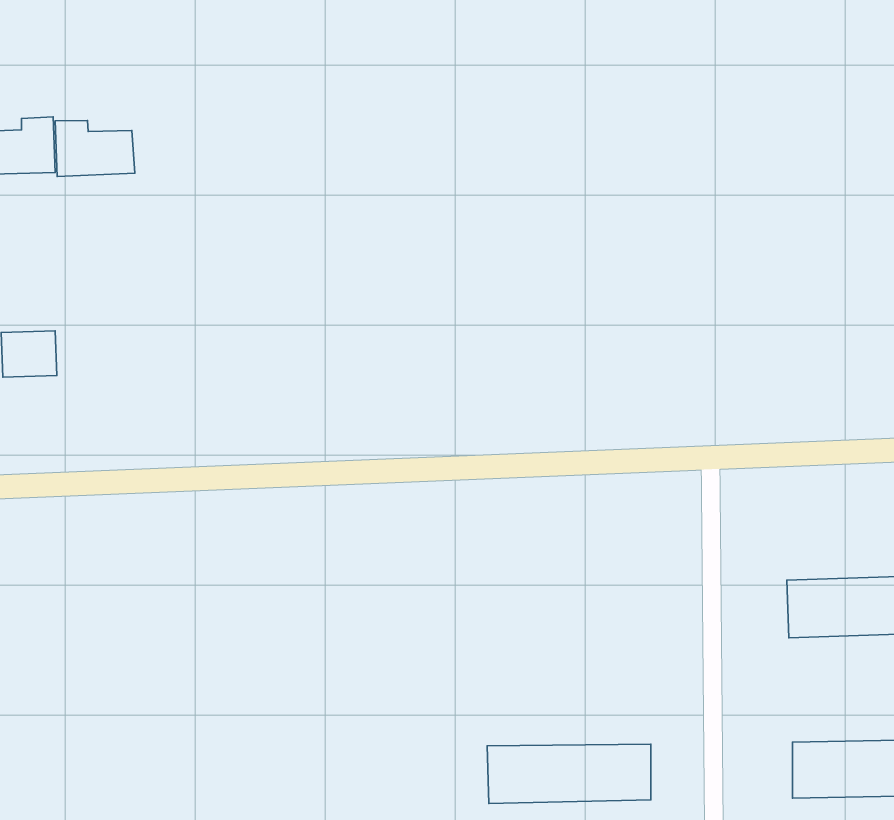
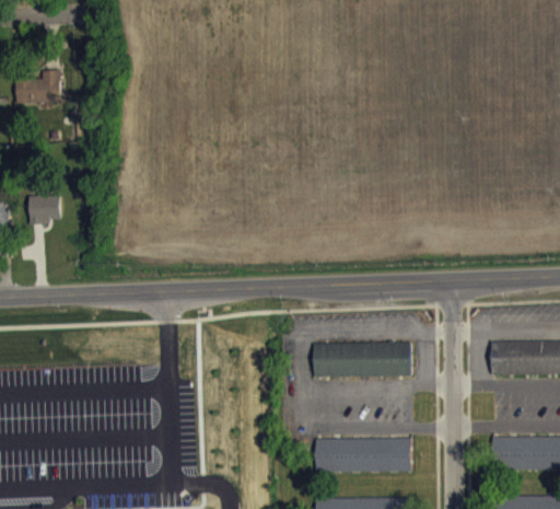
building: [55,121,135,176] -> none
building: none -> [314,343,411,378]

